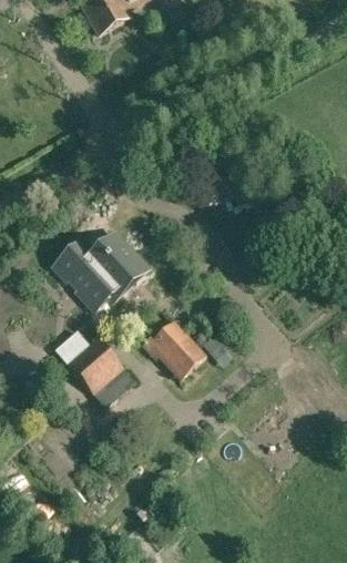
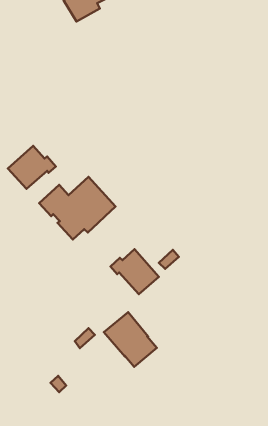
building: none -> [8,146,56,189]
building: [64,336,132,406] -> [104,312,157,367]

